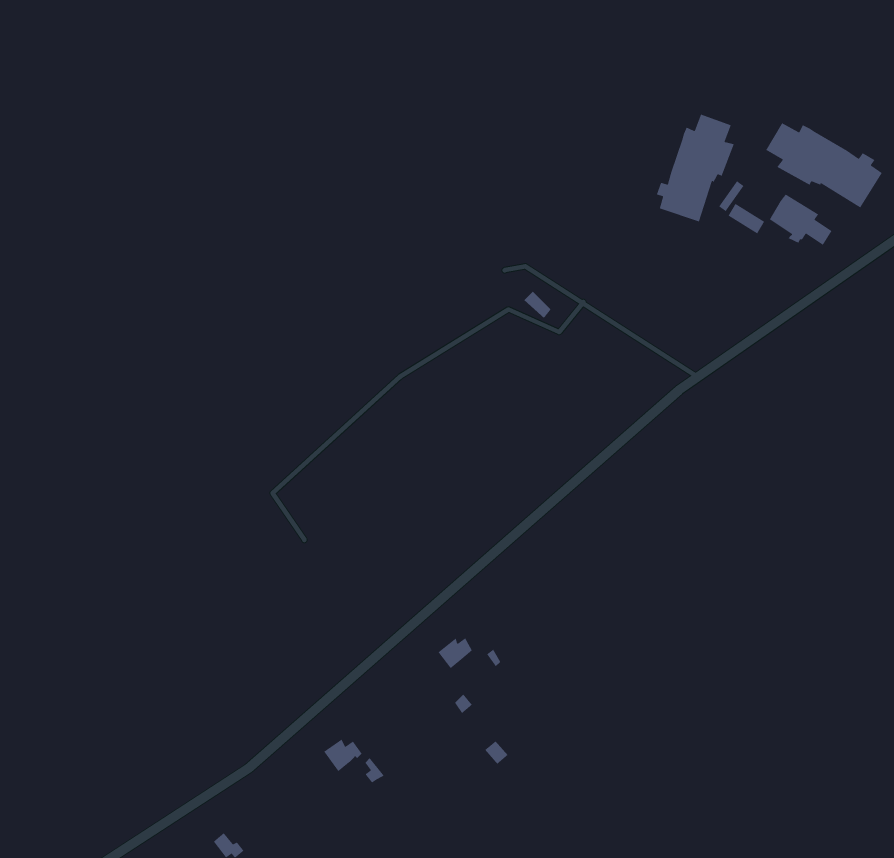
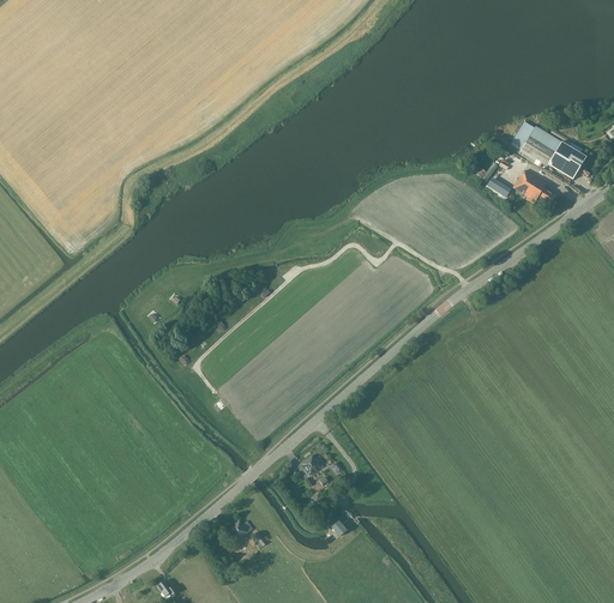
building: [656,113,735,222] -> none

